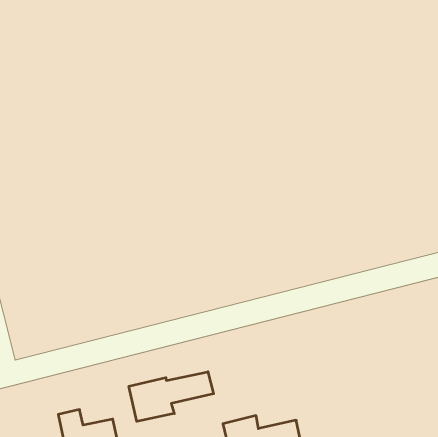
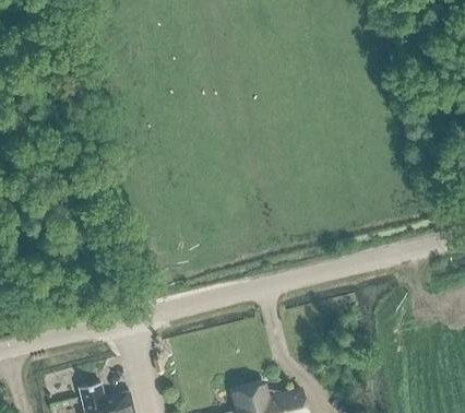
building: [129,372,214,421] -> none

